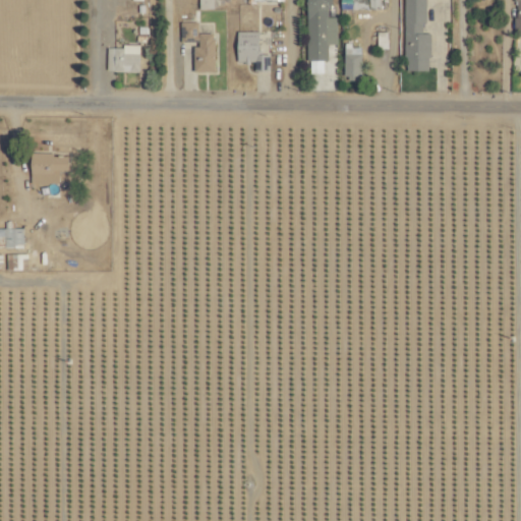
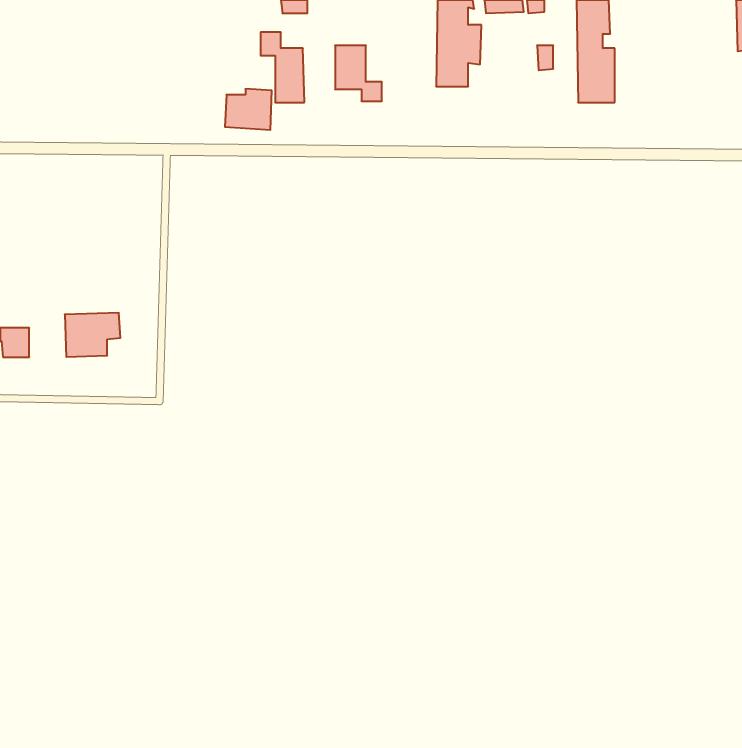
building: [109,44,141,72] -> [225,89,272,130]
building: [345,45,362,76] -> none
building: [31,154,69,184] -> [65,313,120,357]

